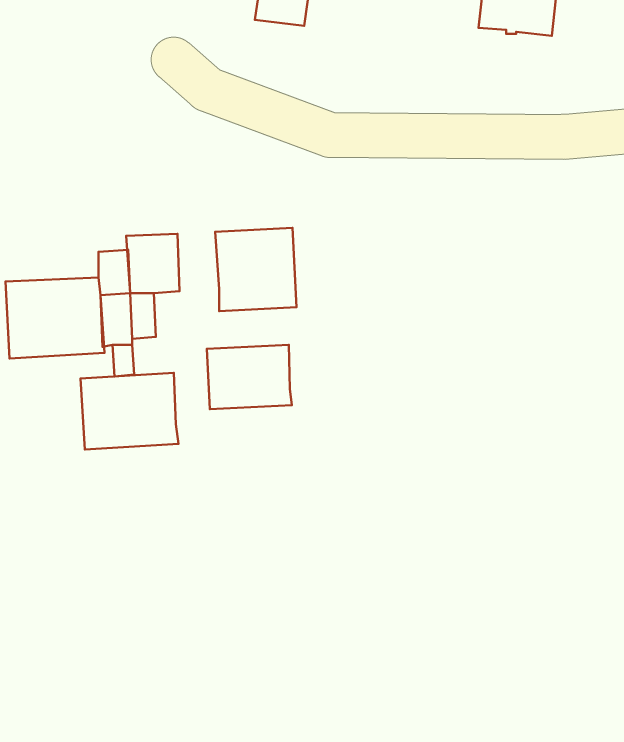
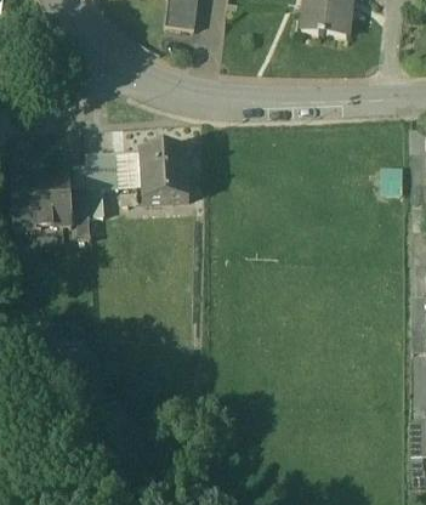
building: none -> [118,151,143,187]
building: [207,345,292,409] -> none
building: [81,373,178,449] -> none

